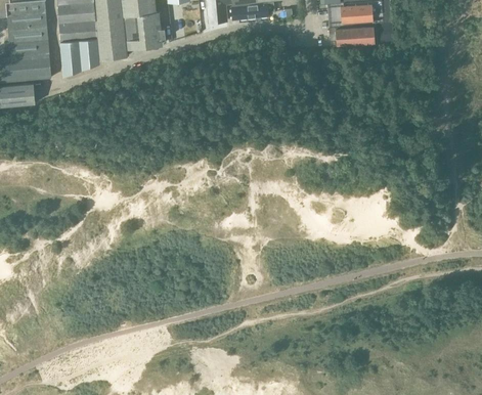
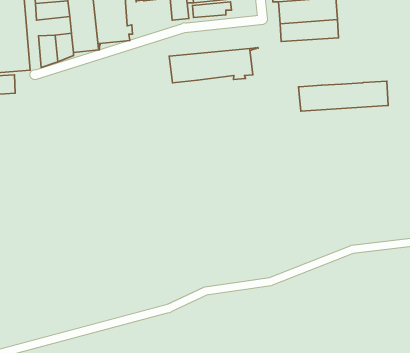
building: [58,19,97,41] -> none
building: none -> [169,48,258,83]
building: none -> [298,81,388,111]

